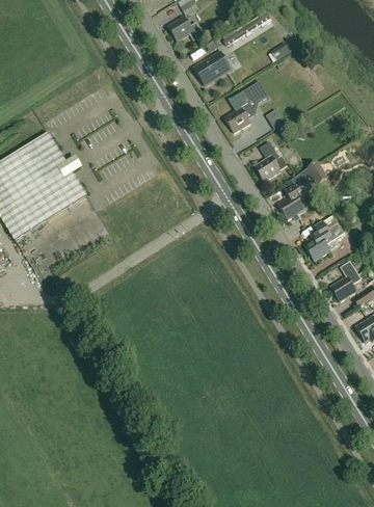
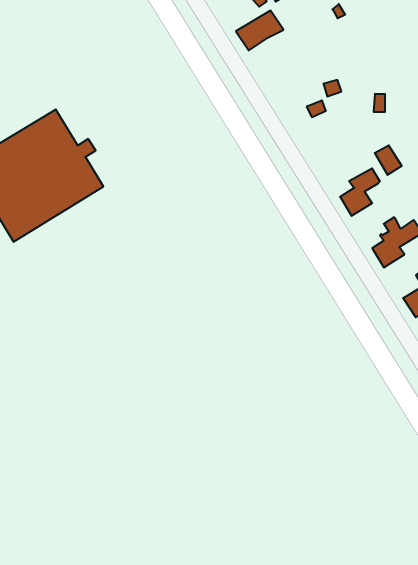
building: [224,81,266,133] -> none
building: [255,141,287,182] -> none

